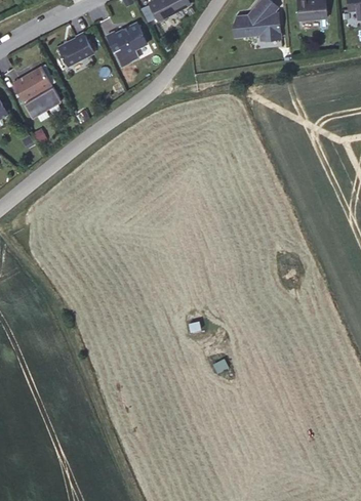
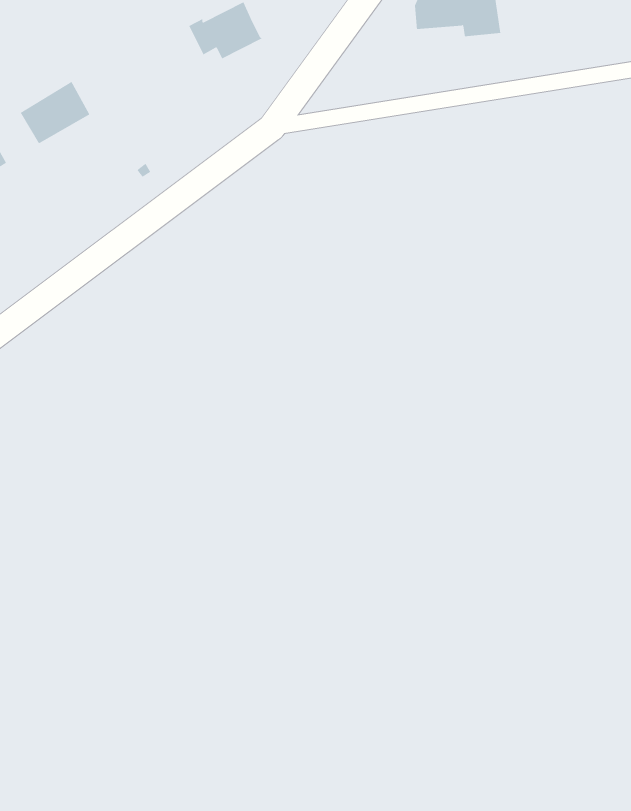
building: [57,32,94,66] -> none
building: [24,87,59,123] -> none

